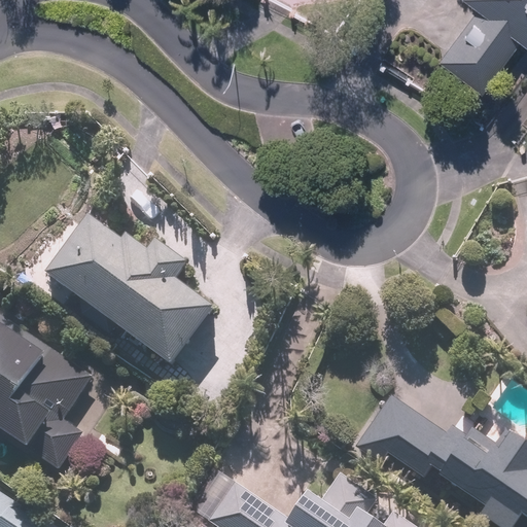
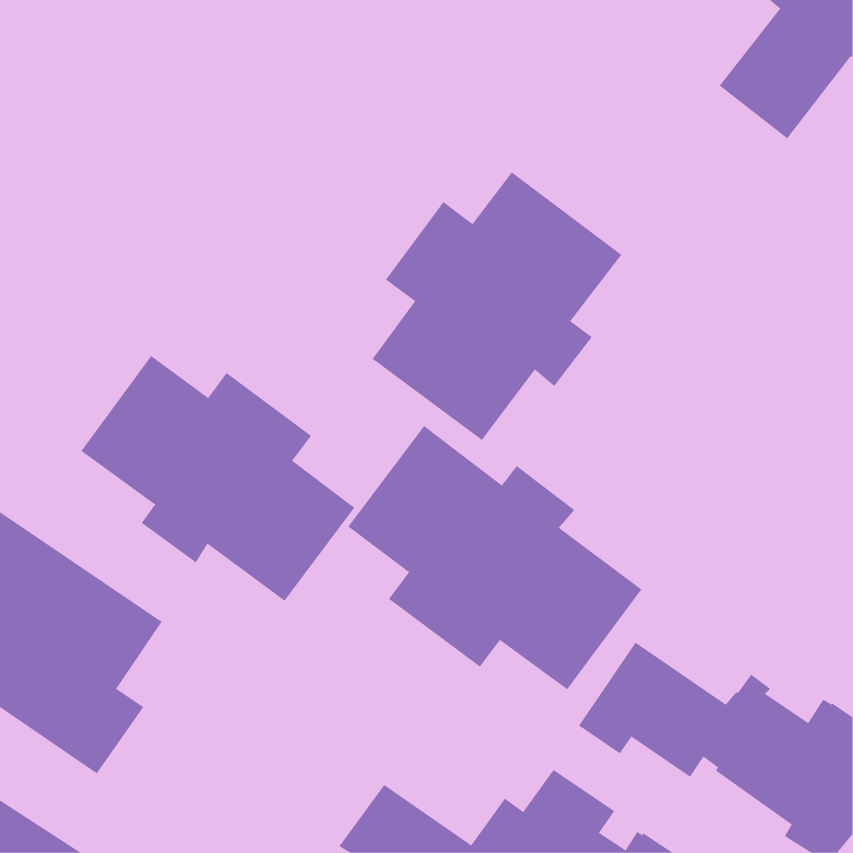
building: none -> [372,171,622,441]
building: none -> [348,425,642,690]

